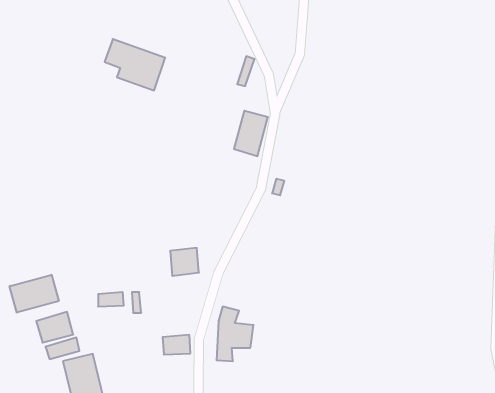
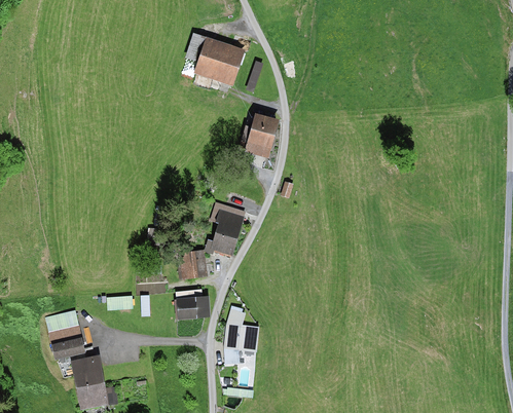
building: [105,39,165,91] -> [186,34,247,85]
building: none -> [211,205,244,255]
building: [10,275,59,313] -> none
building: [163,335,190,355] -> [180,297,208,316]

